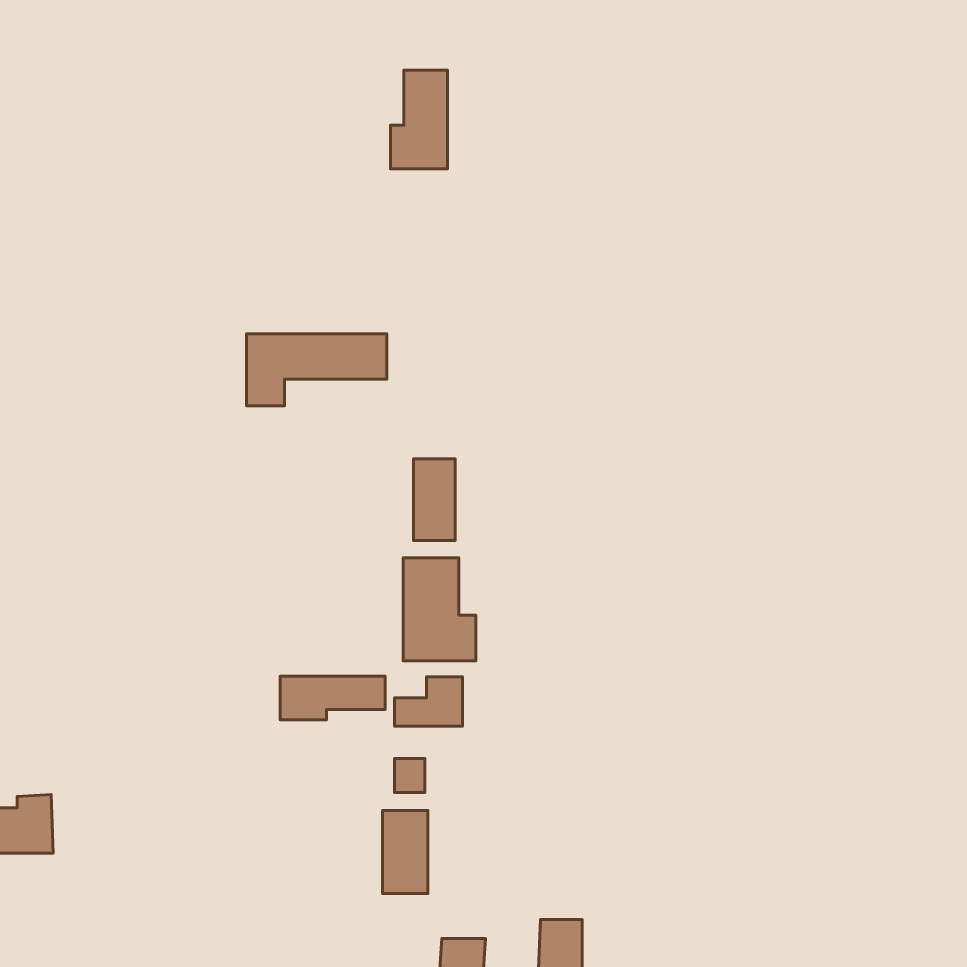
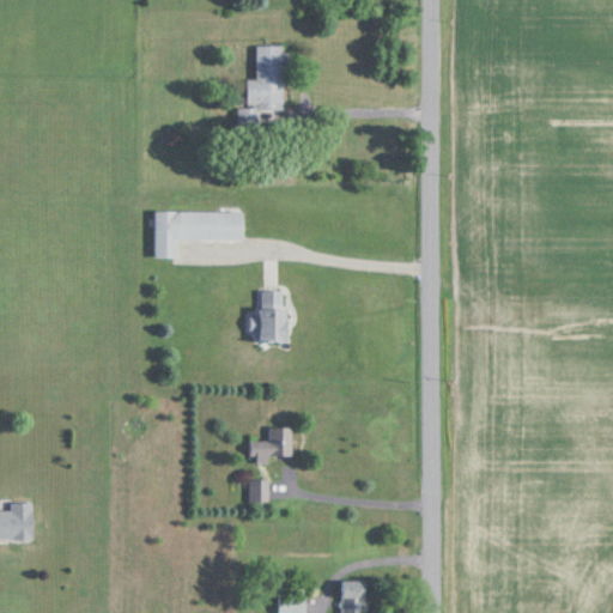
building: [403,558,476,661] -> none
building: [280,676,385,720] -> none
building: [382,811,428,893] -> none

